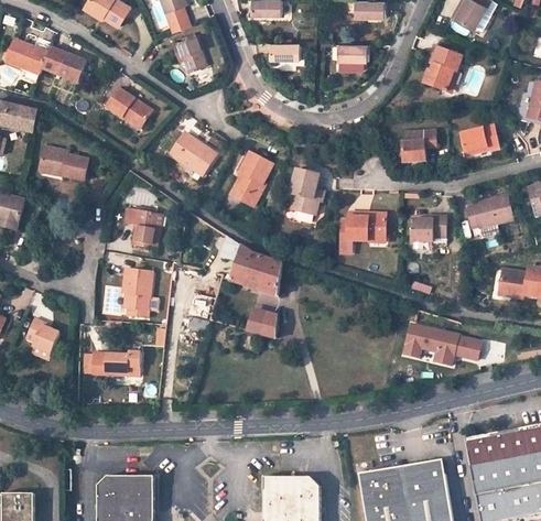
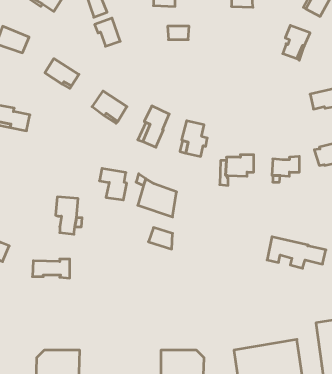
building: [338,45,367,63] -> none
building: [401,129,435,164] -> none
building: [122,209,159,251] -> [99,168,127,200]

